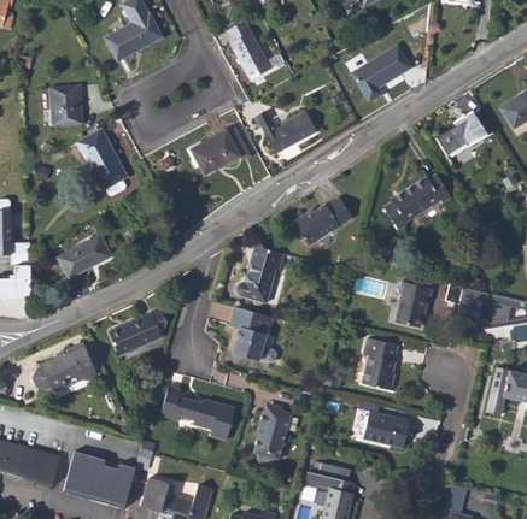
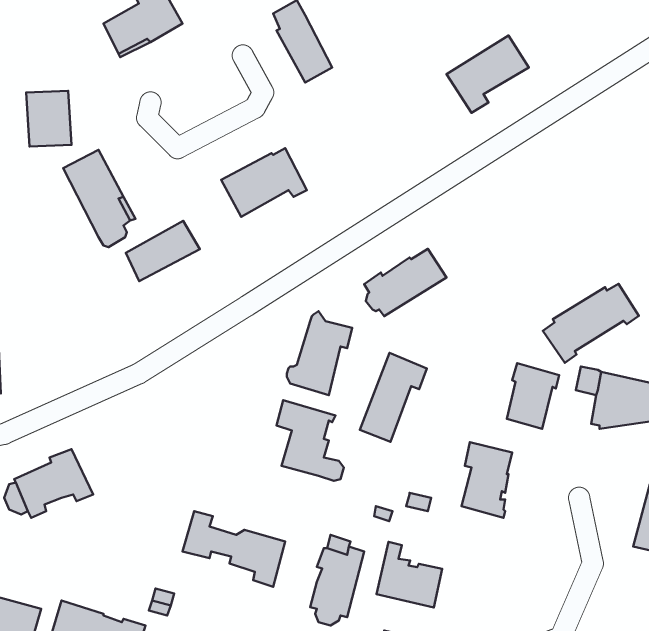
building: [435,110,487,155] -> none
building: [254,111,315,153] -> none
building: [382,173,451,230] -> [543,284,639,363]
building: [58,234,111,277] -> [126,221,200,281]
building: none -> [360,353,427,442]
building: [109,309,166,354] -> none
building: [362,401,409,448] -> [377,542,442,608]

